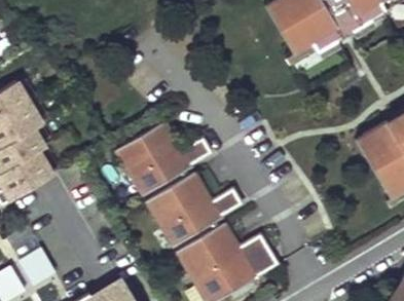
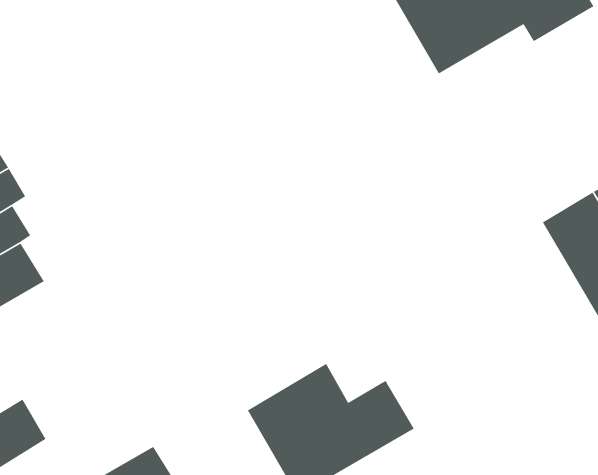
building: [116,122,212,193] -> none
building: [146,174,242,244] -> none

